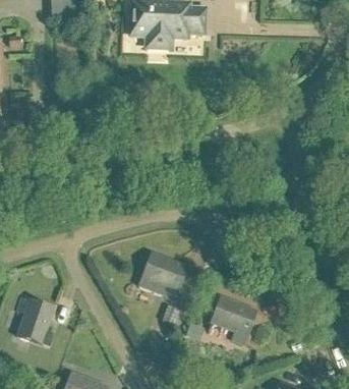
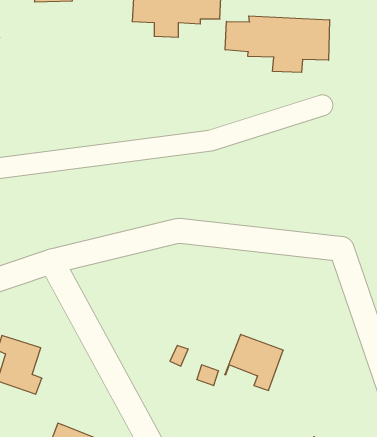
building: none -> [225,16,330,72]
building: [138,253,187,299] -> none

